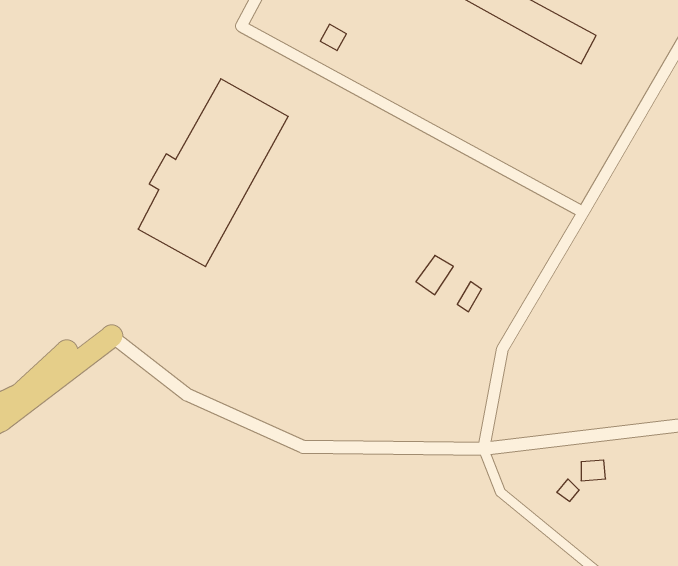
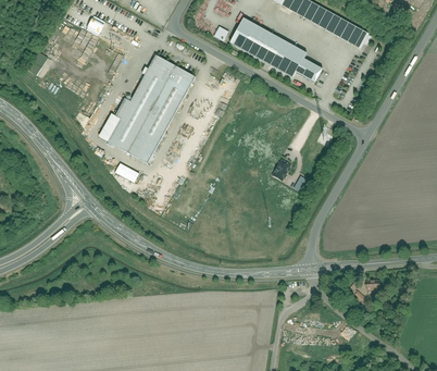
building: none -> [232,16,326,83]

